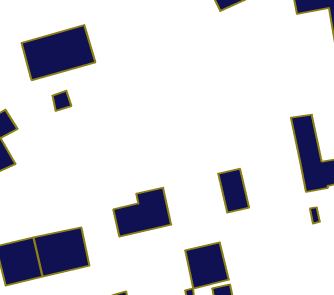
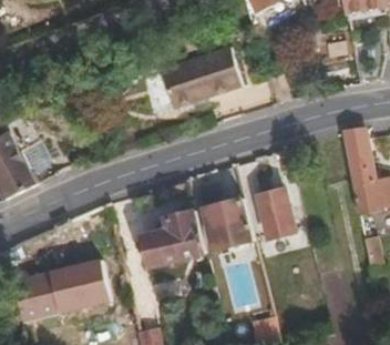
building: [22,25,95,80] -> [158,44,240,105]
building: [185,243,229,289] -> [205,197,254,248]

